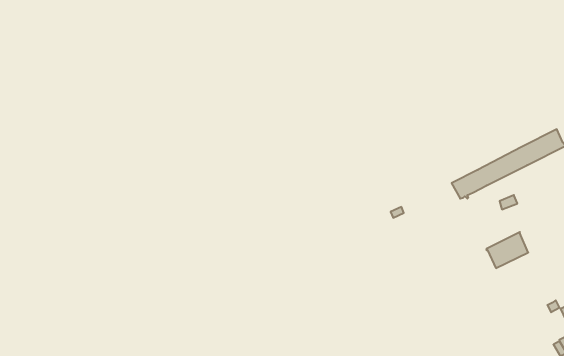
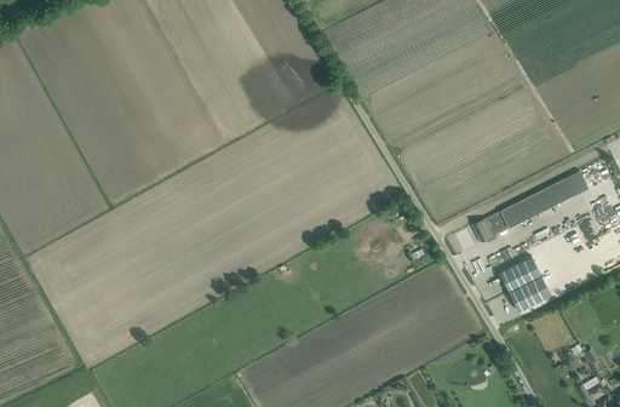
building: none -> [500,257,544,292]

